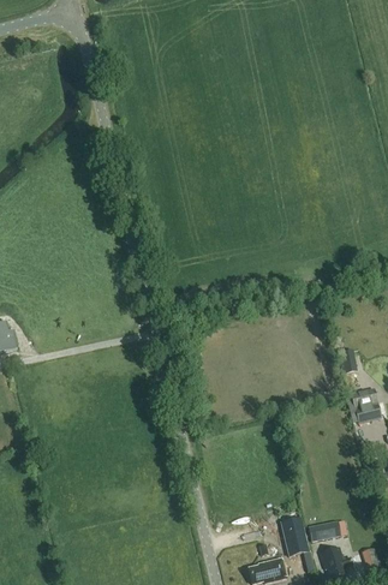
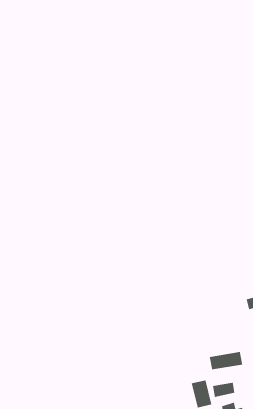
building: none -> [209,351,243,370]

